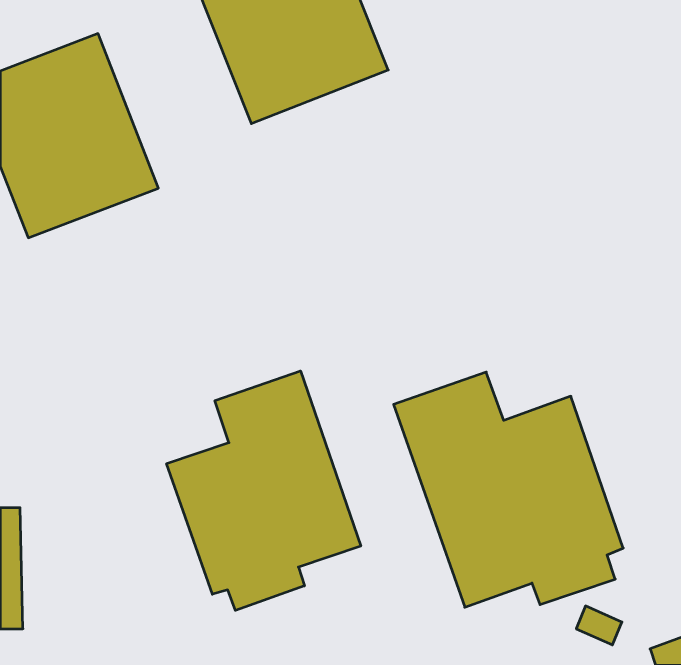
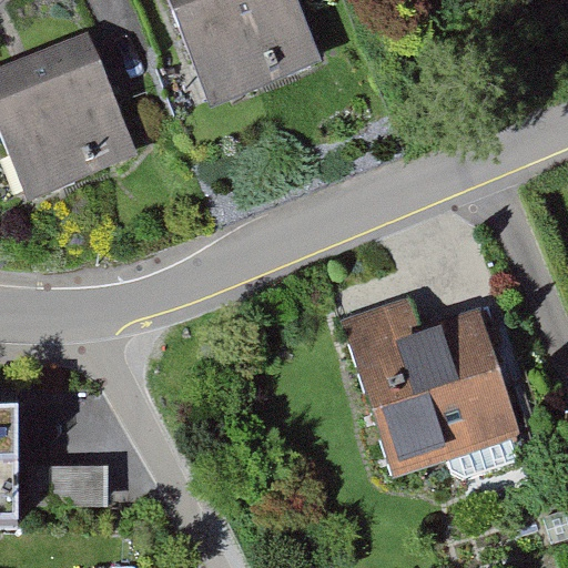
building: [167,371,361,610] -> none

